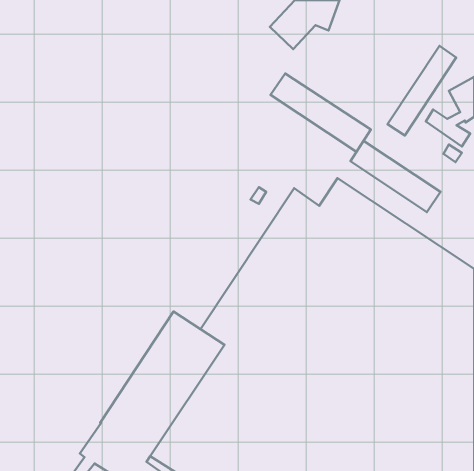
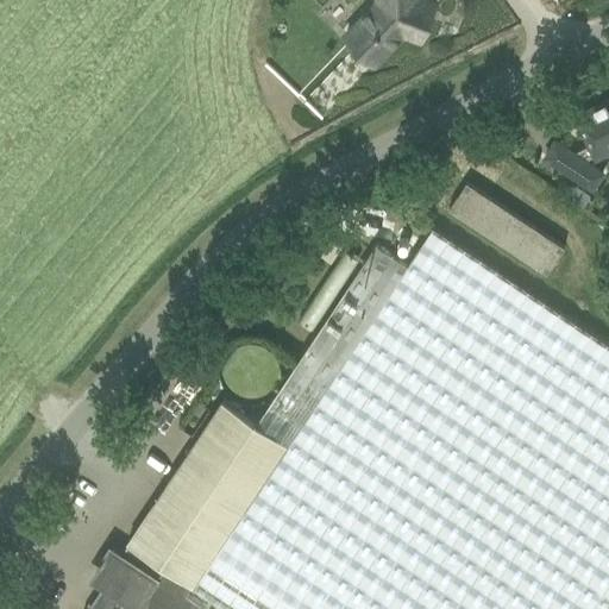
building: [387,46,456,135] -> none
building: [270,73,371,152] -> none

